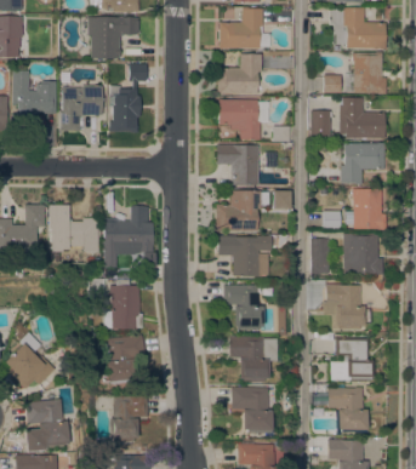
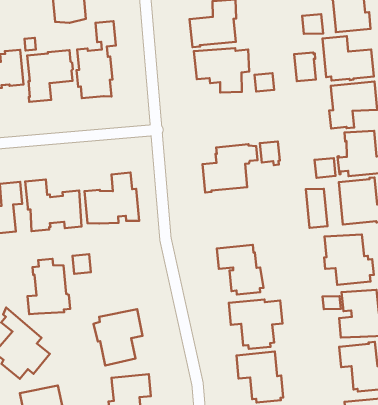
building: [217,145,260,185] -> none
building: [218,235,272,276] -> none
building: [103,279,142,330] -> [28,259,70,314]

